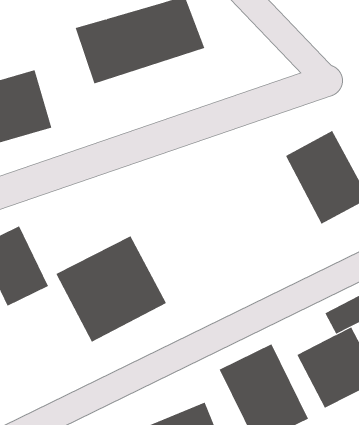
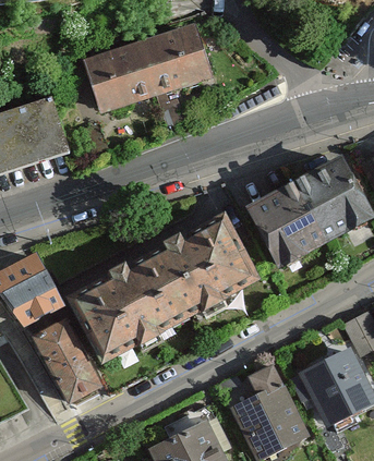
building: none -> [238,181,325,275]
building: none -> [141,217,255,324]
building: none -> [28,318,105,411]

